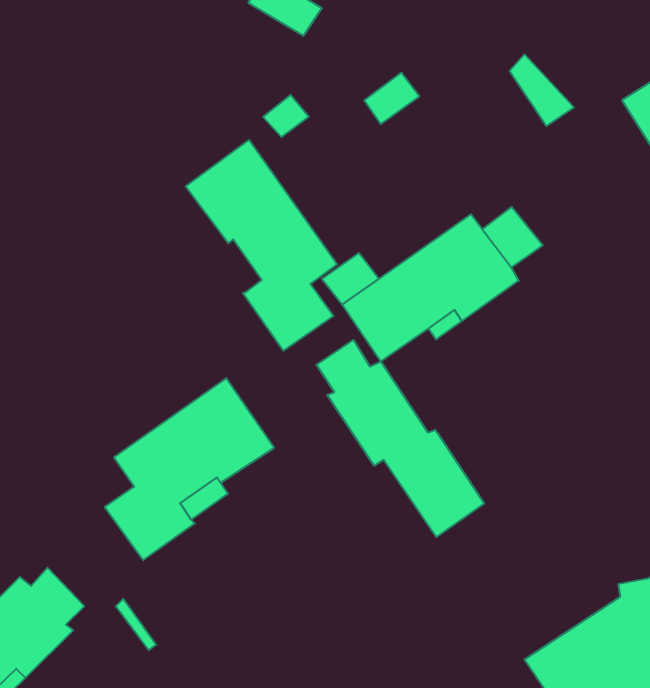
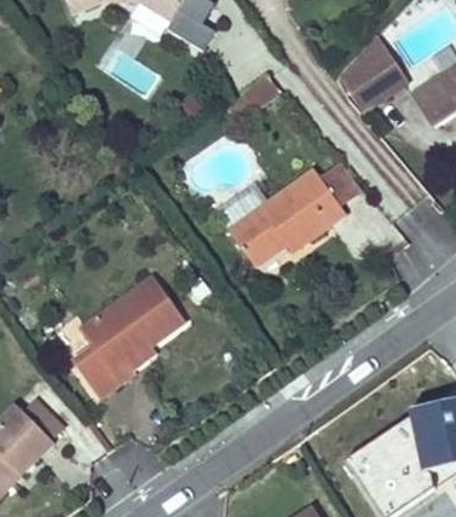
building: none -> [348,35,409,99]
building: [186,140,337,351] -> none
building: [316,340,484,537] -> none

